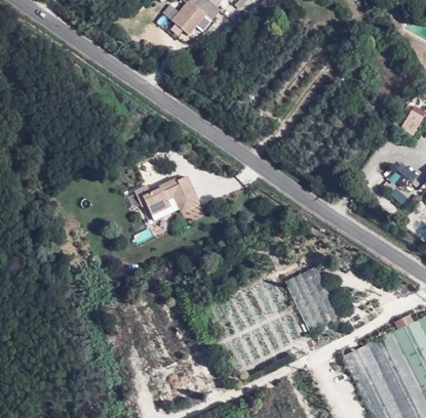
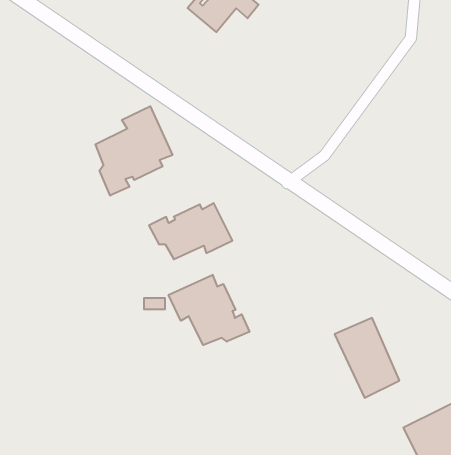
building: none -> [95,106,172,196]
building: none -> [169,275,249,345]

